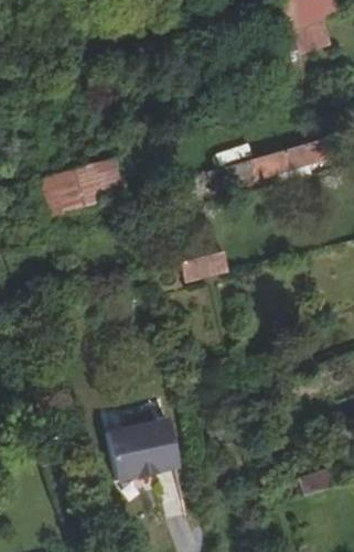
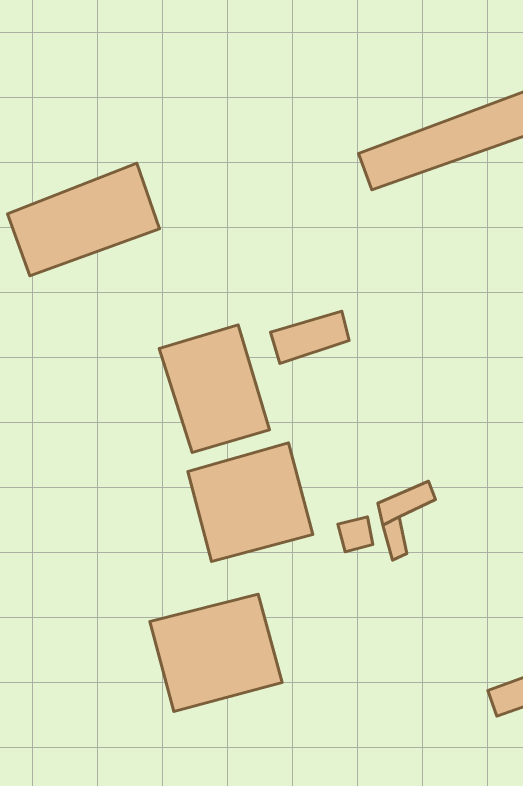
building: none -> [159,325,270,453]
building: none -> [188,443,313,562]

